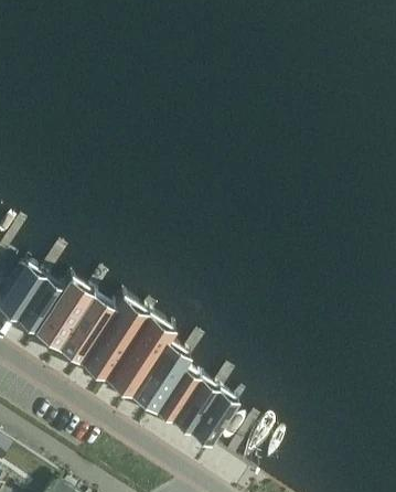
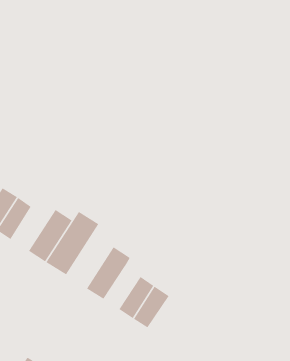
building: [35,280,92,347] -> none
building: [106,313,173,395] -> none
building: [153,367,200,421] -> none

